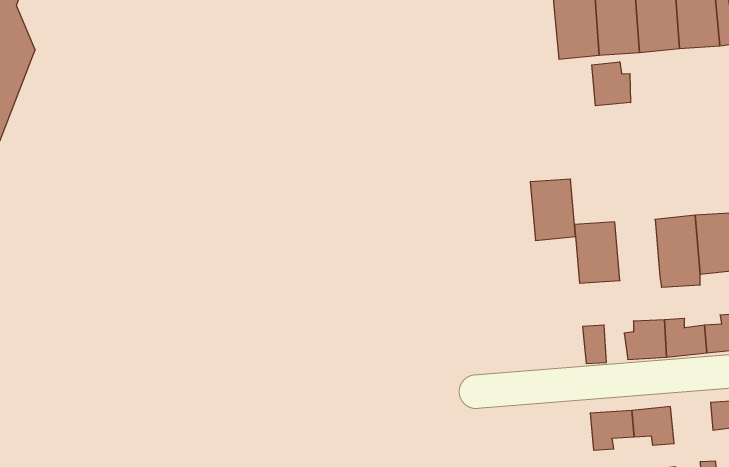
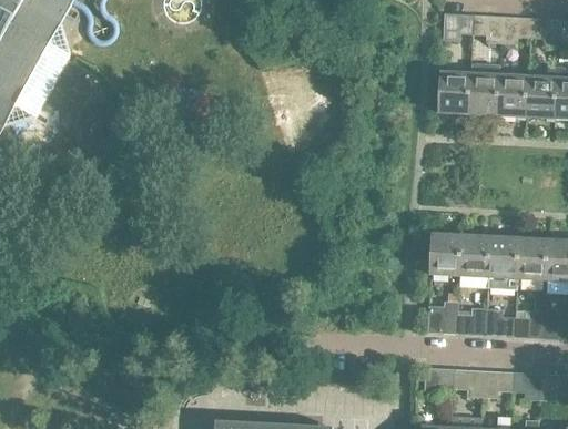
building: [592,62,631,106] -> none
building: [530,179,575,240] -> [458,234,489,277]
building: none -> [480,370,510,397]

